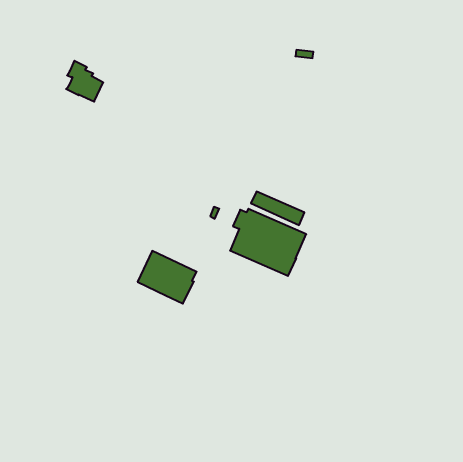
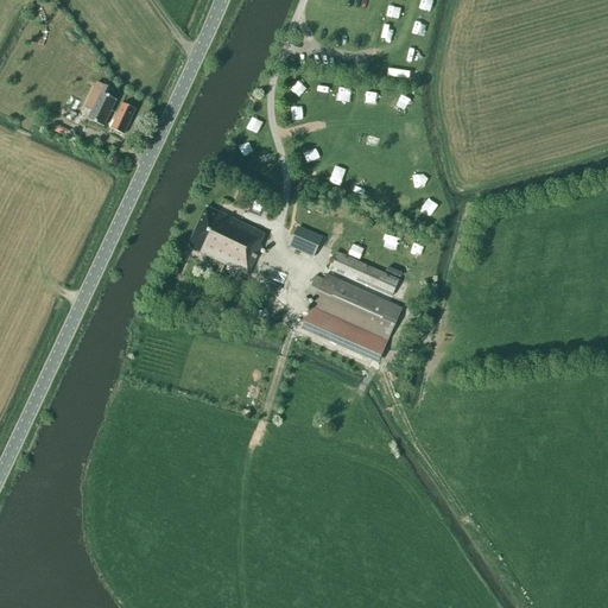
building: none -> [289,226,322,258]
building: [138,251,197,304] -> [188,204,265,273]

